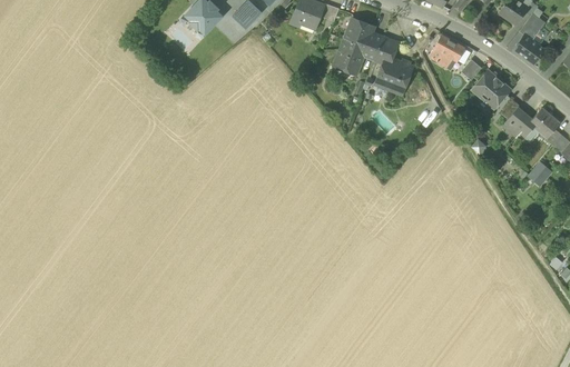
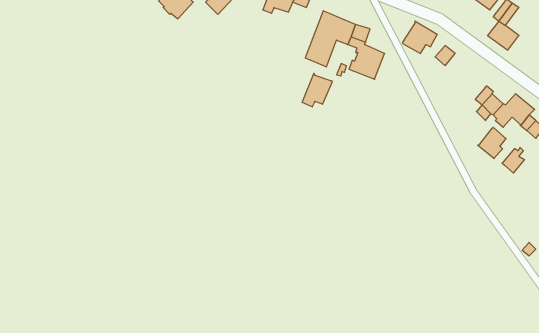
building: [472,70,510,107] -> none
building: none -> [302,73,332,107]
building: none -> [478,127,506,159]

